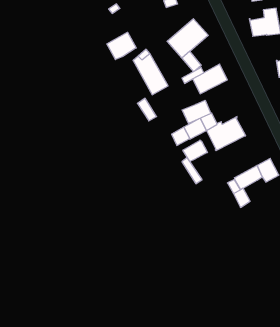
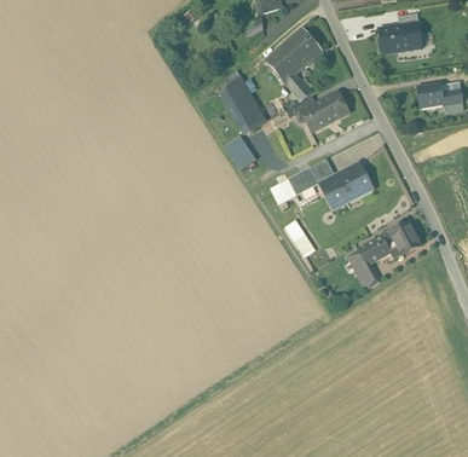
building: [107,32,136,60] -> none
building: [182,100,211,124] -> none
building: [183,140,207,161] -> none

